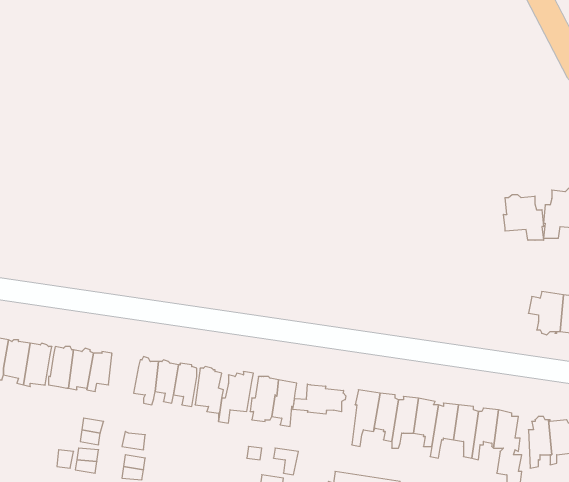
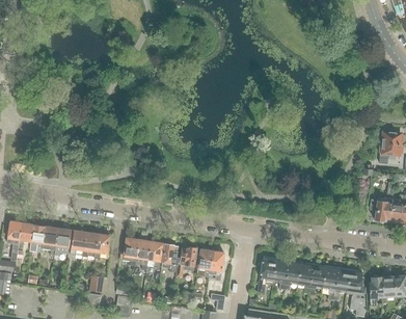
building: [503,195,544,240] -> none
building: [293,384,346,414] -> none

